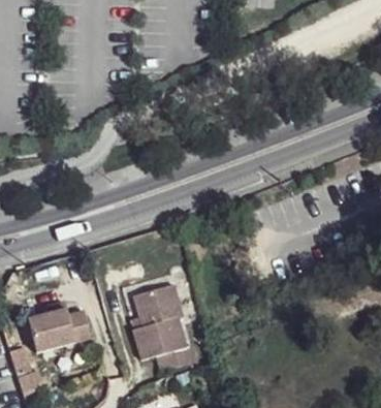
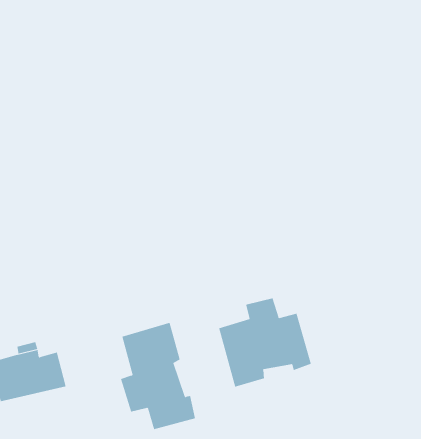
building: none -> [218,297,311,387]

